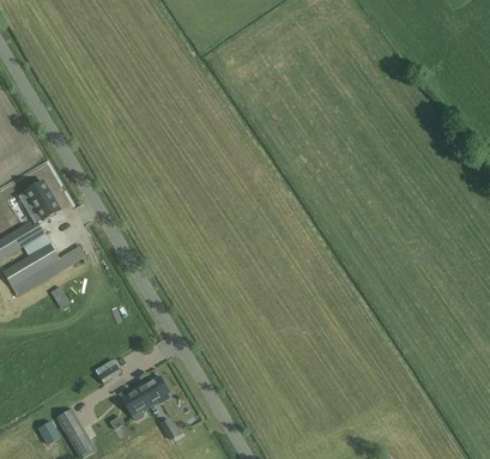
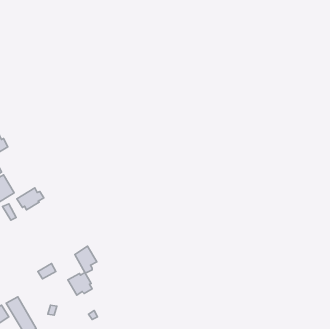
building: none -> [17,188,44,210]
building: [120,385,149,419] -> [75,246,97,273]

